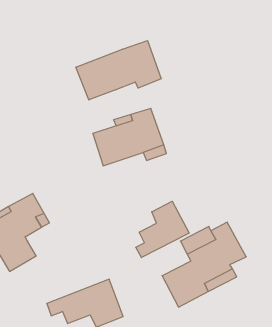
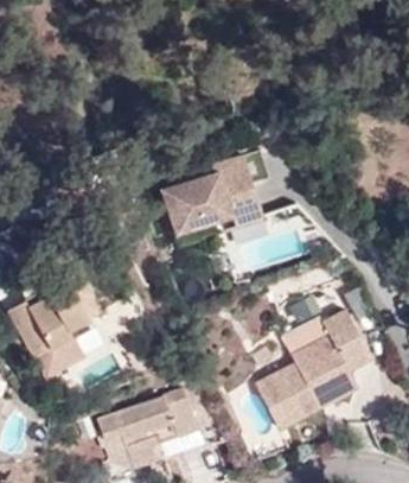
building: [76,41,161,100] -> none
building: [136,201,189,258] -> none

